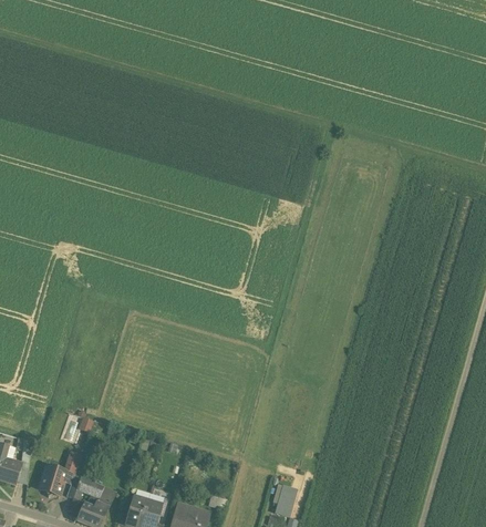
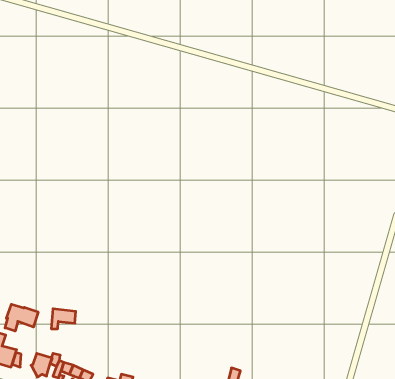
building: none -> [5,304,38,331]

